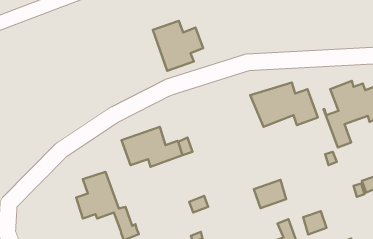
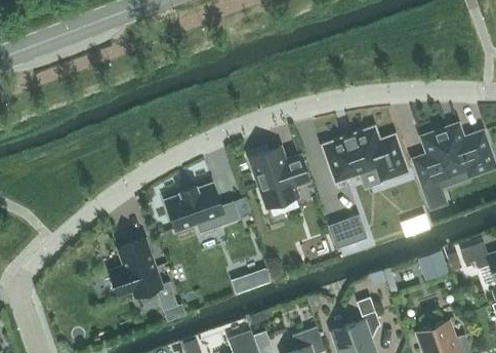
building: [153,21,203,71] -> [249,147,311,208]
building: [254,180,286,208] -> [328,214,368,249]
building: [303,211,327,235] -> [419,252,448,281]

